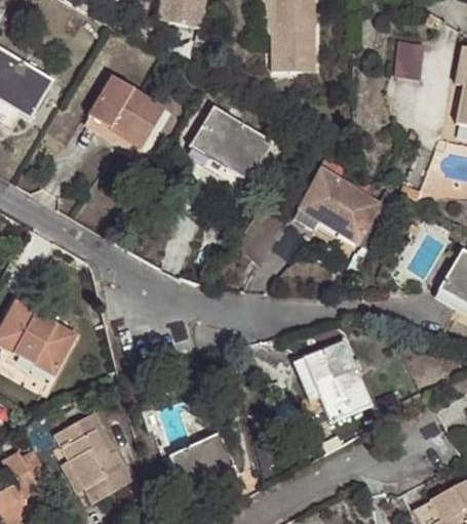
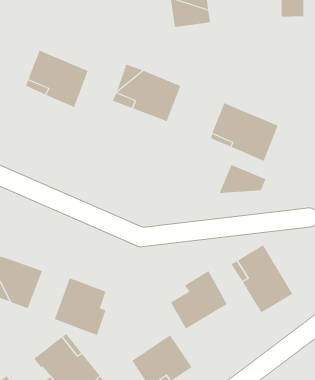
building: none -> [219,164,266,194]
building: none -> [54,277,106,336]
building: none -> [170,270,227,330]

